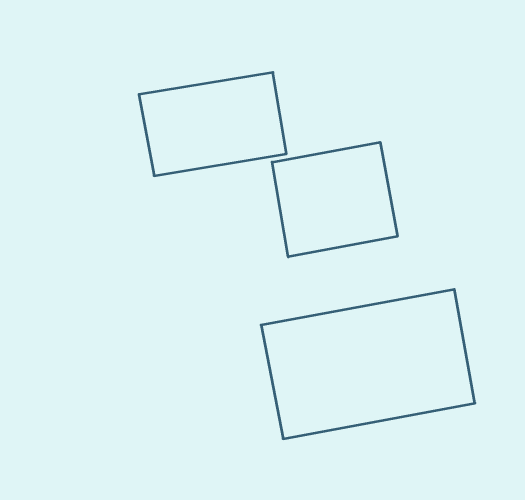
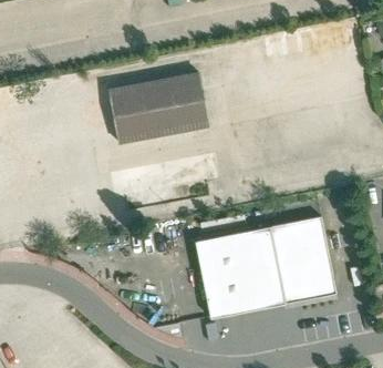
building: [272,142,397,257] -> none

